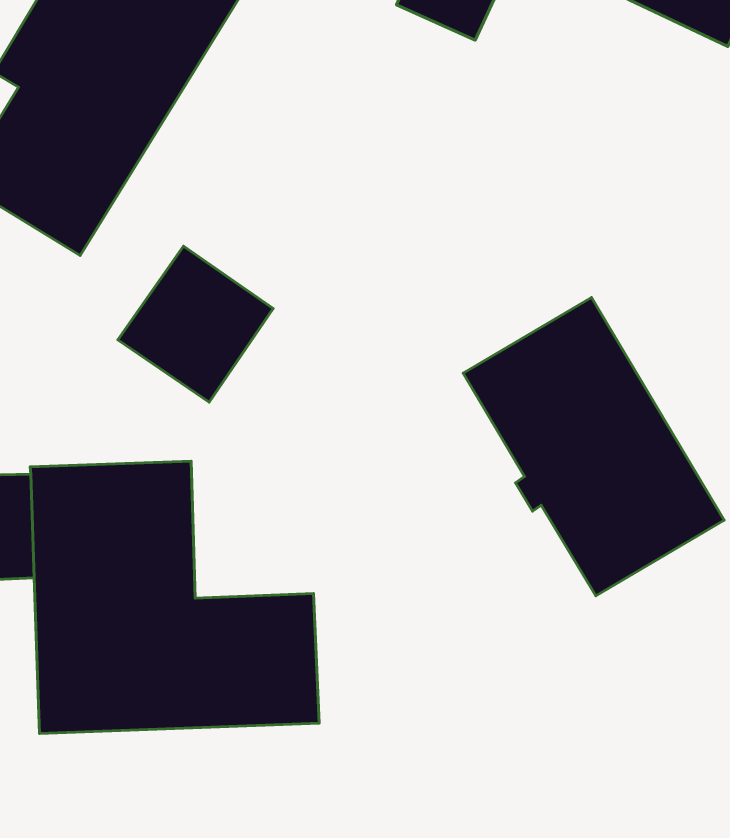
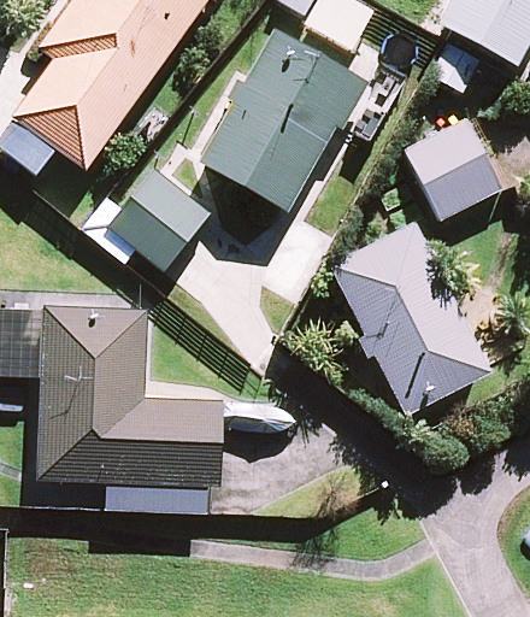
building: none -> [198,29,369,210]
building: none -> [405,118,502,219]

